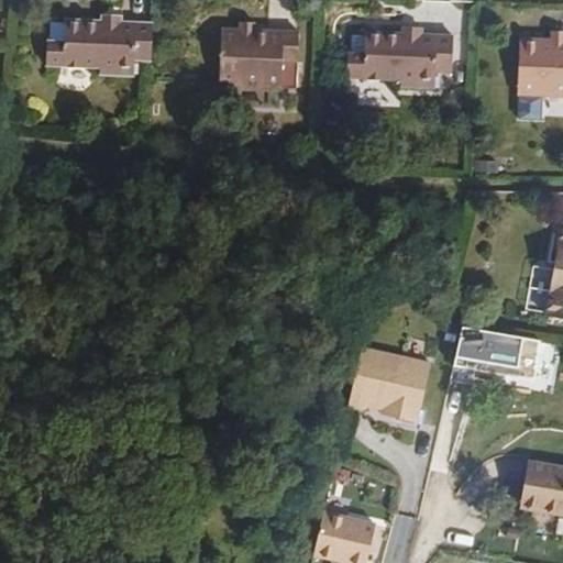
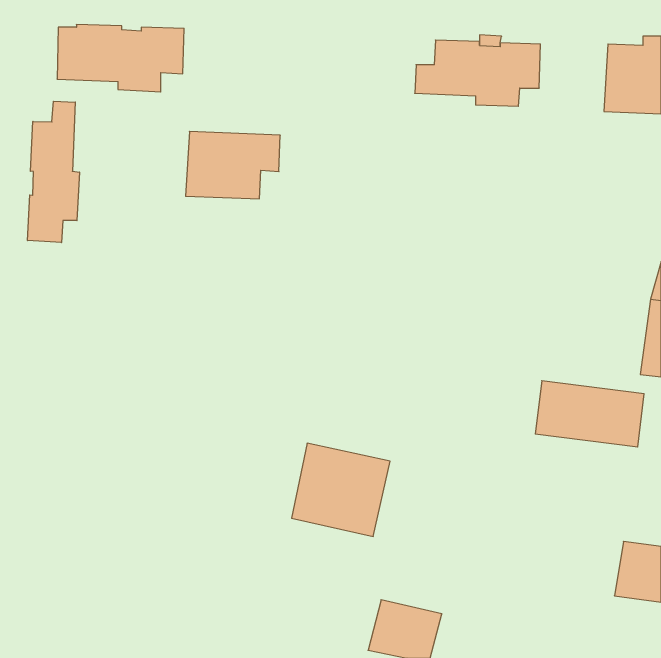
building: [223,27,303,85] -> [186,131,280,199]
building: none -> [28,101,79,243]
building: [350,342,433,421] -> [292,443,390,536]

